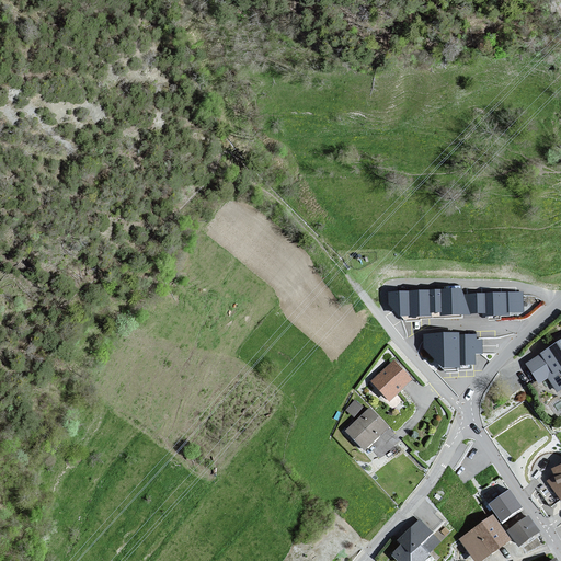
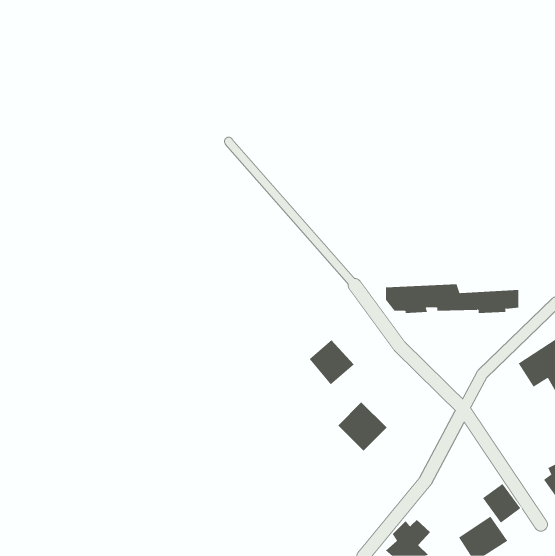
building: [424,332,482,364] -> none
building: [369,358,415,404] -> [309,340,354,385]
building: [510,518,542,549] -> none

